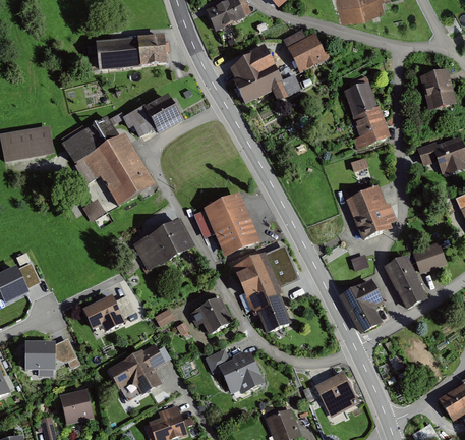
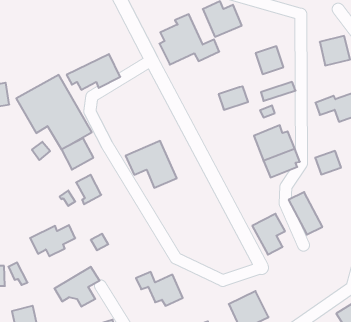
building: [96,36,164,67] -> none
building: [354,108,389,135] -> [219,86,248,110]
building: [153,222,190,259] -> [61,138,93,170]
building: [413,242,444,270] -> [315,151,341,174]
building: [233,251,291,330] -> none
building: [190,296,231,332] -> none

